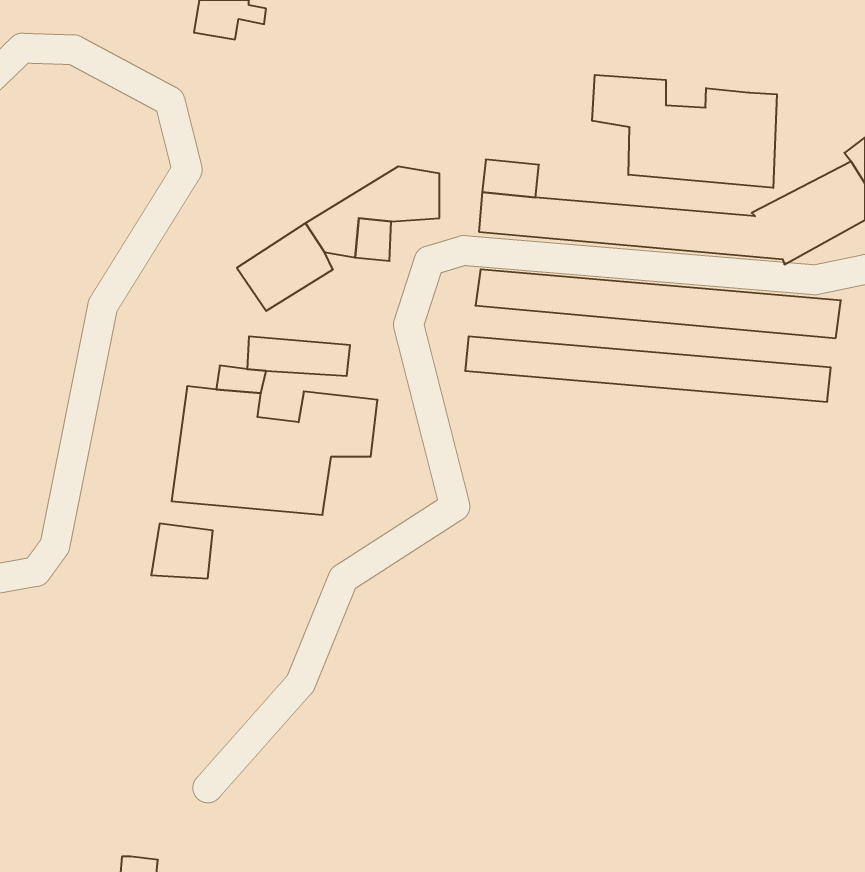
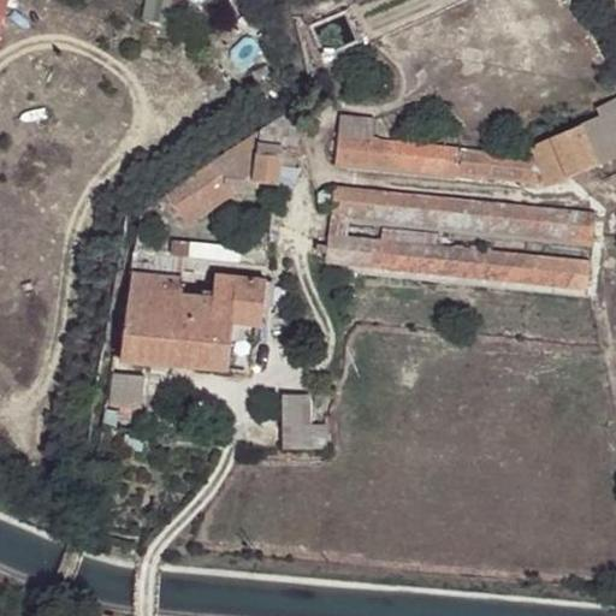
building: [592,75,777,188] -> none
building: none -> [285,392,330,452]

